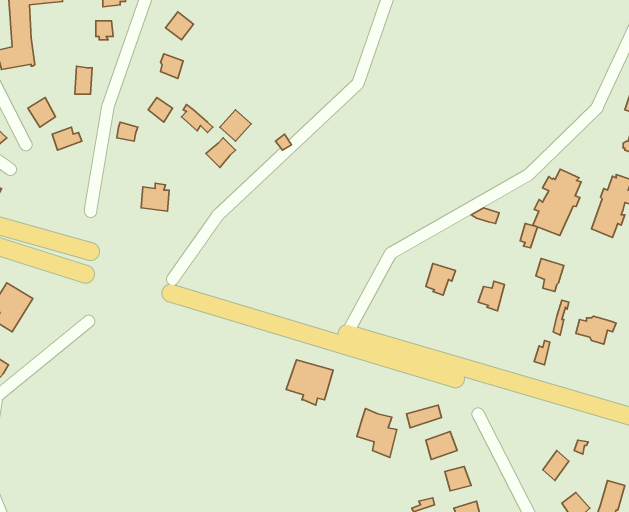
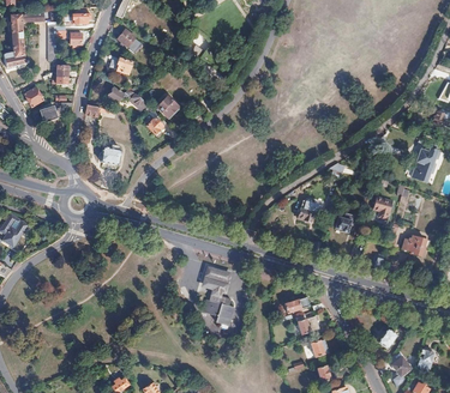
building: [533,169,581,236] -> none
building: [357,408,397,457] -> [208,294,235,327]

